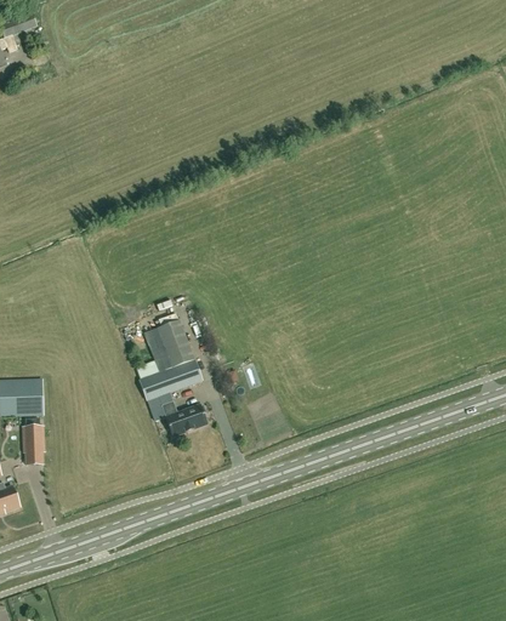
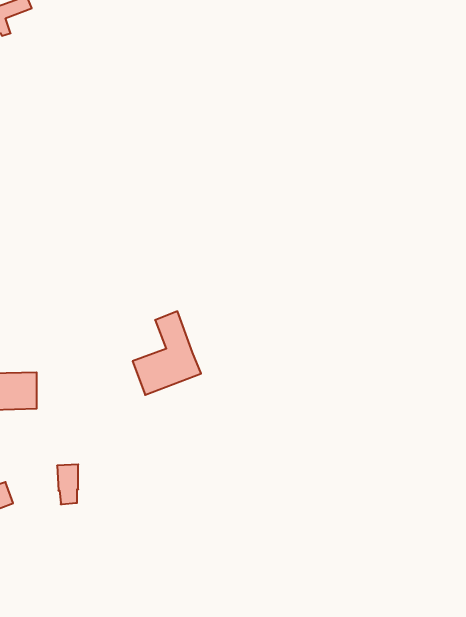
building: [161,403,206,437] -> none
building: [22,427,42,466] -> [57,464,78,504]

